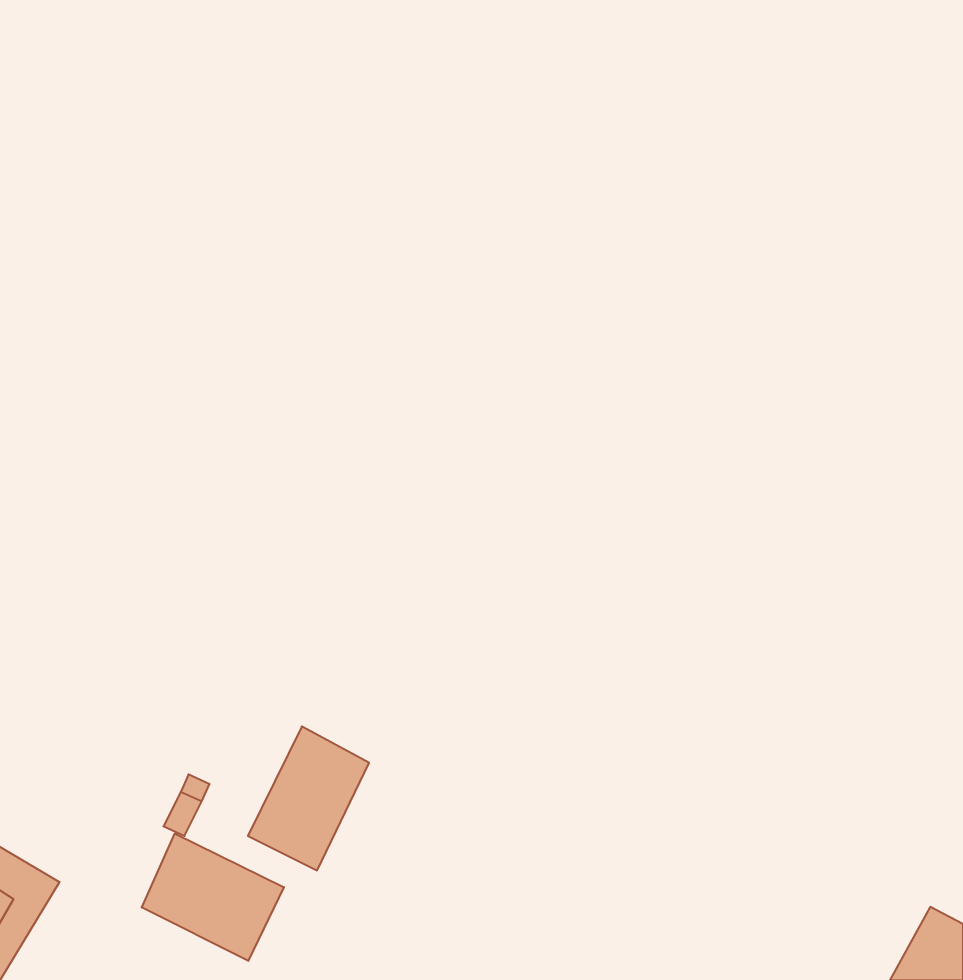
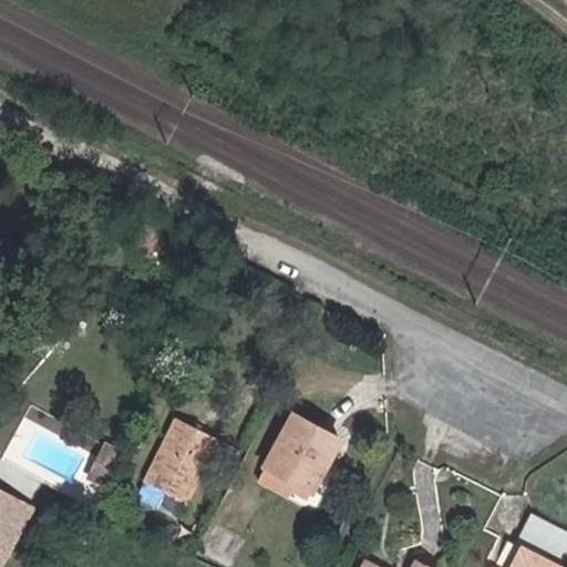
building: none -> [268,419,338,491]
building: [142,834,284,961] -> none

